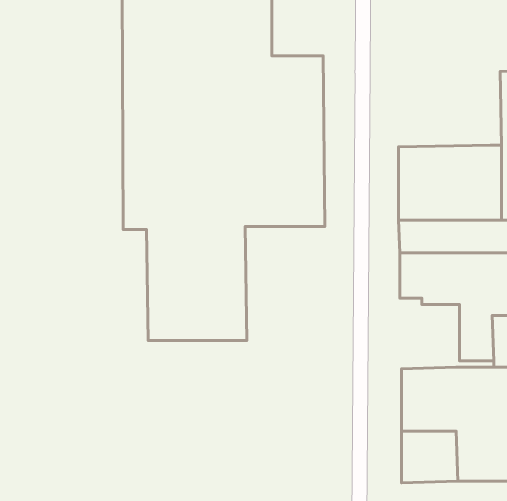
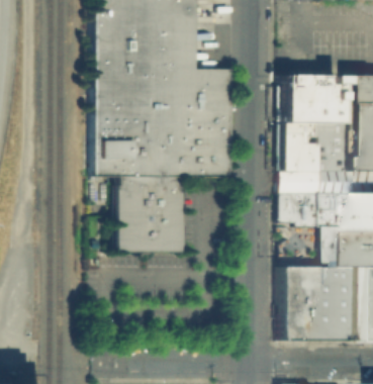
building: none -> [274,75,334,123]

